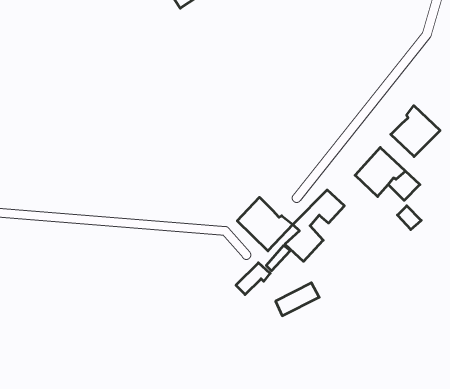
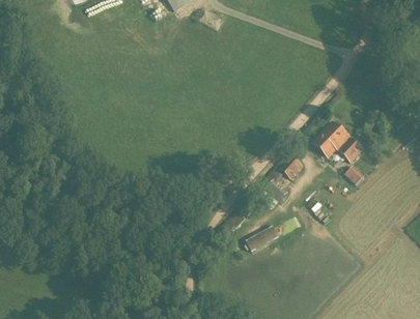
building: [391,106,440,157] -> none
building: [237,197,293,251] -> none

